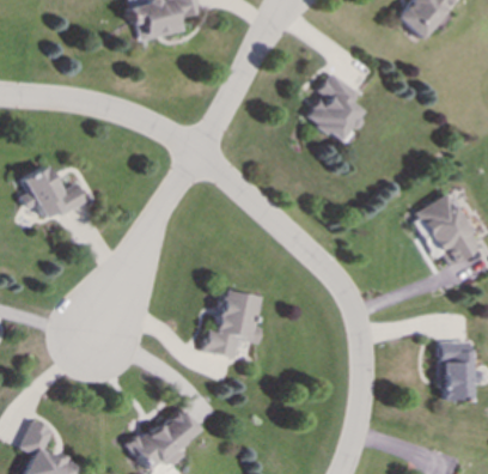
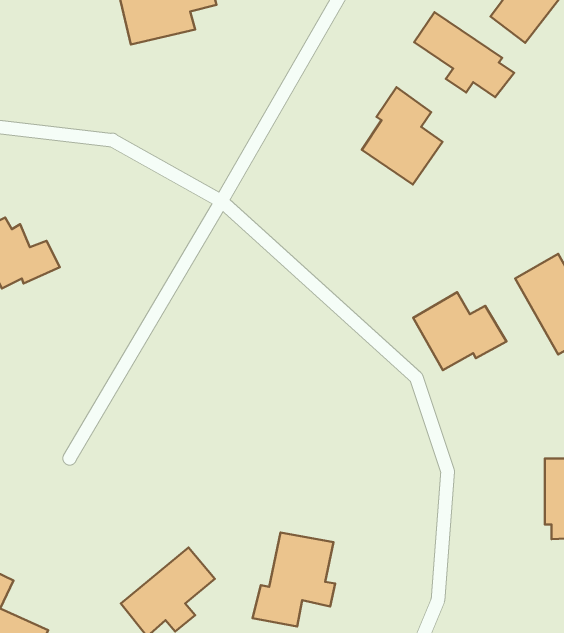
building: none -> [414,12,514,97]
building: none -> [413,292,506,370]
building: [202,290,262,358] -> [253,532,335,626]

